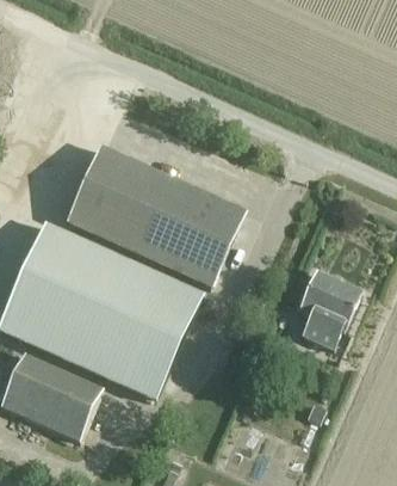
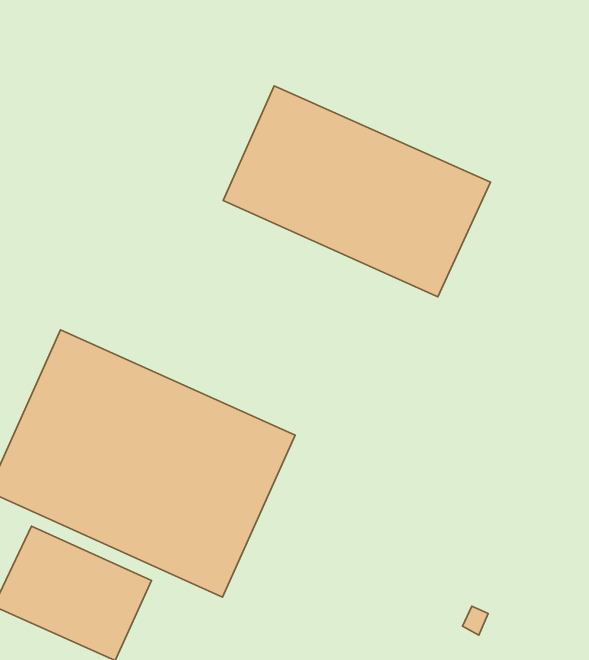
building: [68,147,243,285] -> [223,86,491,297]
building: [299,271,360,347] -> none

